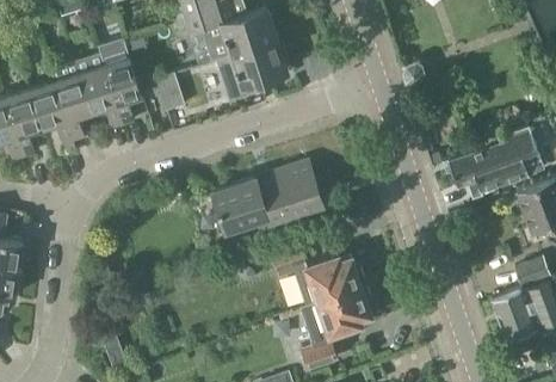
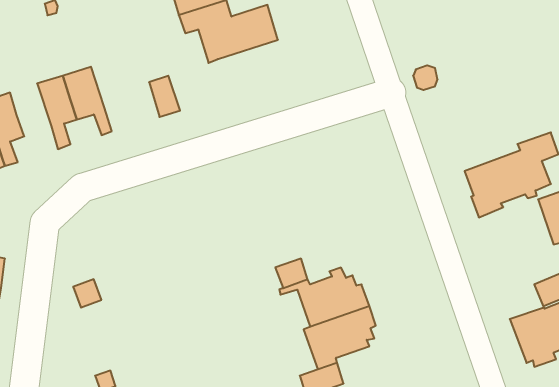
building: [98,39,142,125] -> none
building: [220,41,286,100] -> none
building: [27,81,72,144] -> none
building: [212,161,323,232] -> none

